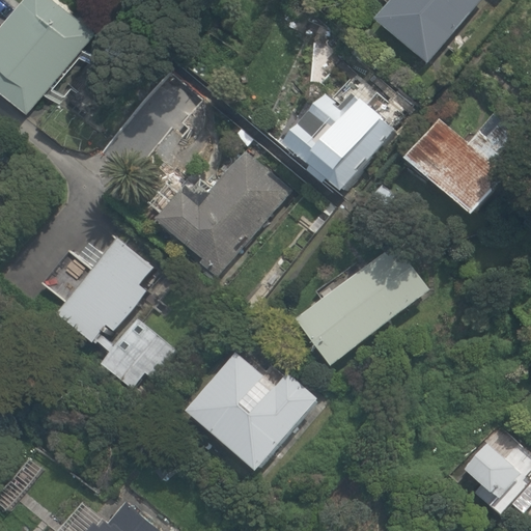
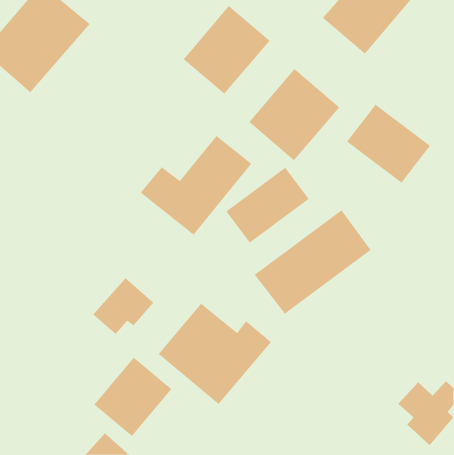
building: none -> [183,5,271,95]
building: none -> [226,167,310,244]
building: [66,244,160,344] -> none
building: none -> [93,357,172,437]

